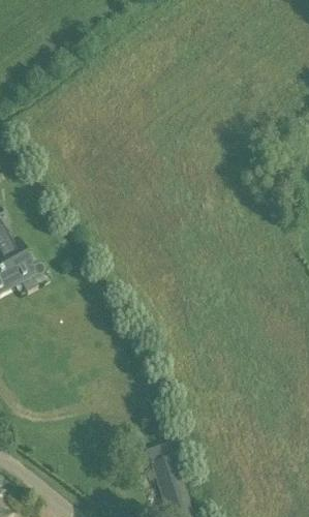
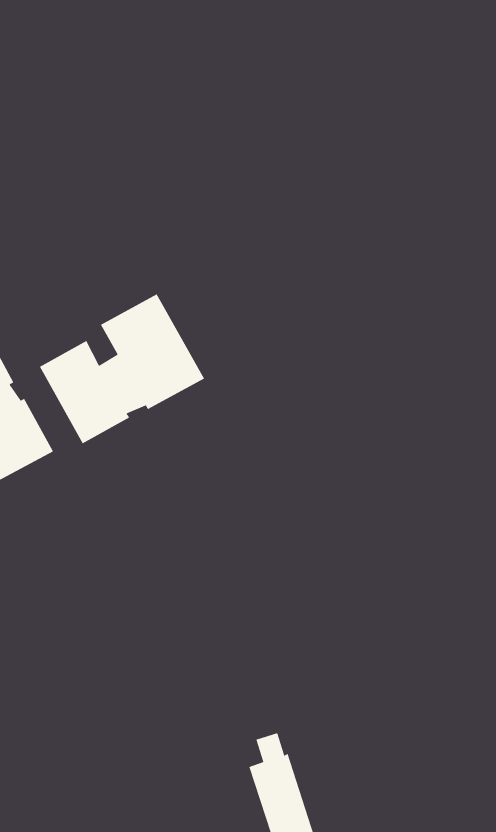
building: none -> [39,293,205,444]

